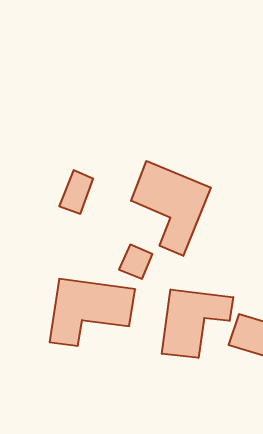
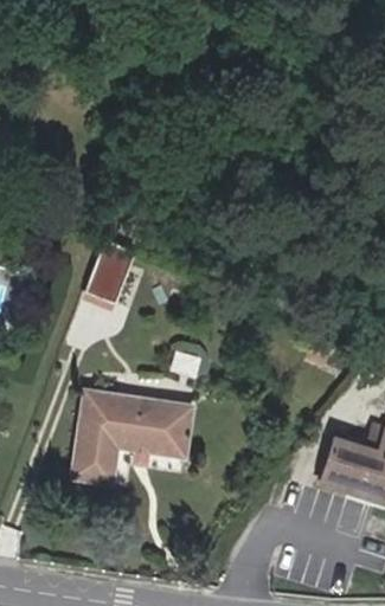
building: [131,161,211,256] -> none
building: [162,289,233,358] -> none

